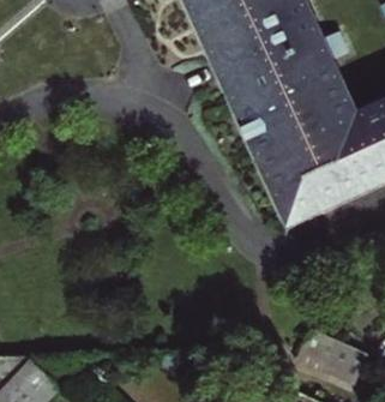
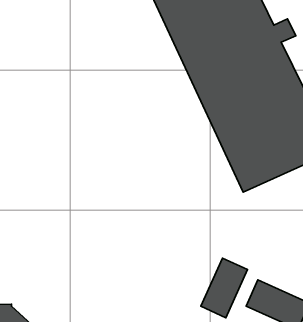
building: none -> [201,258,248,318]

